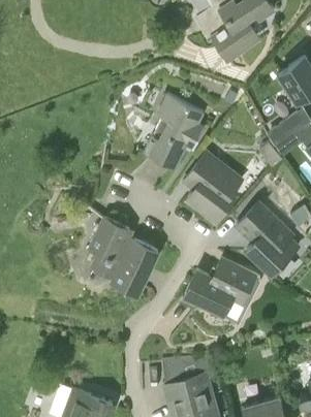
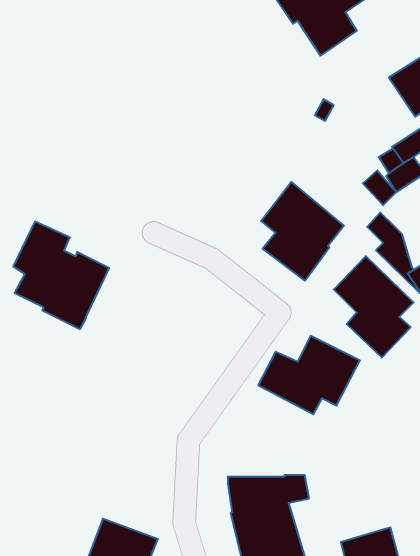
building: [144,95,206,169] -> none
building: [89,219,157,295] -> [13,222,109,329]

